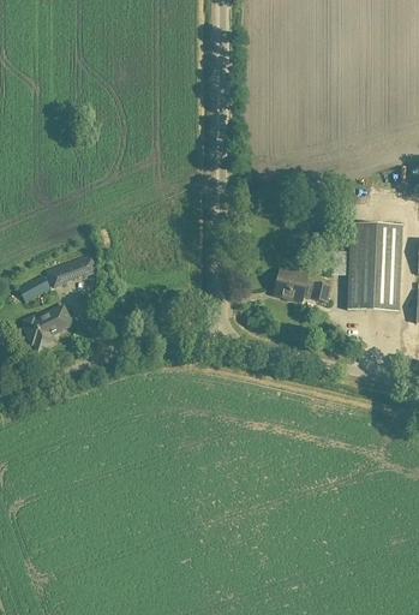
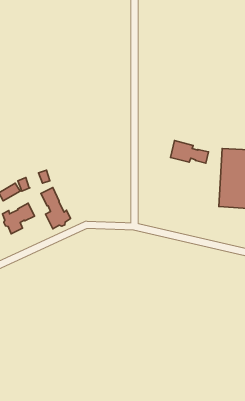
building: [274,268,330,301] -> [171,141,208,163]
building: none -> [41,188,70,229]

